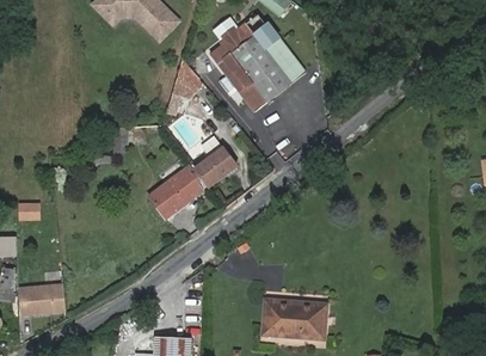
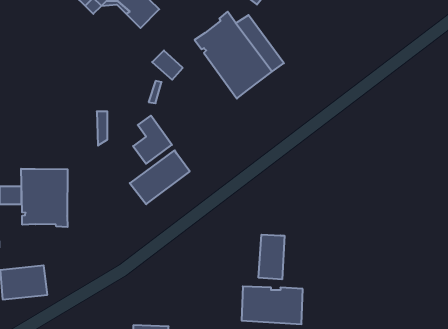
building: [196,136,235,185] -> [133,116,172,164]
building: none -> [21,169,68,227]
building: none -> [259,235,284,279]

